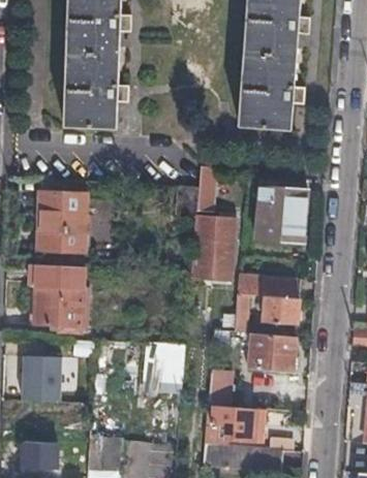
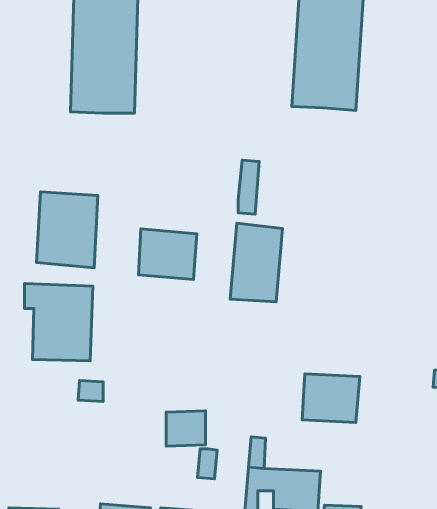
building: [256,189,307,243] -> none
building: none -> [139,229,197,280]
building: [233,276,299,334] -> none
building: [17,353,59,401] -> none

